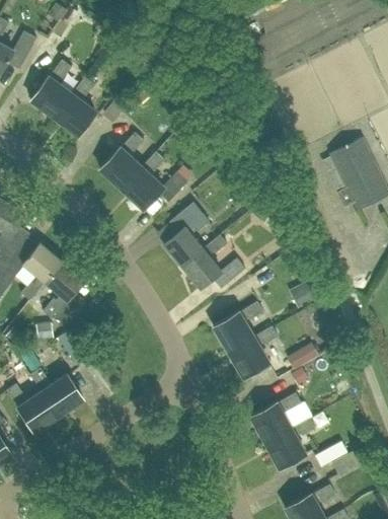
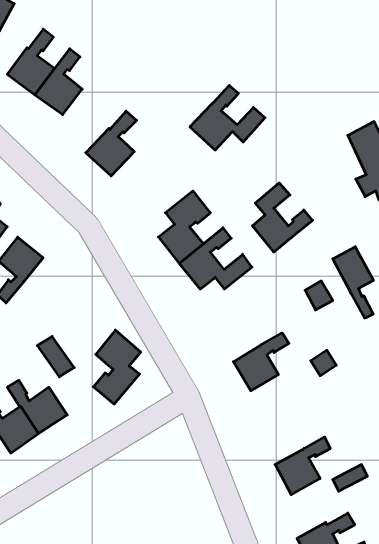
building: [122,152,187,209] -> [190,85,265,150]
building: none -> [252,183,313,252]
building: none -> [333,247,373,318]
building: [43,261,84,325] -> [93,330,141,404]
building: [213,301,262,352] -> none
building: [250,392,301,442] -> none

